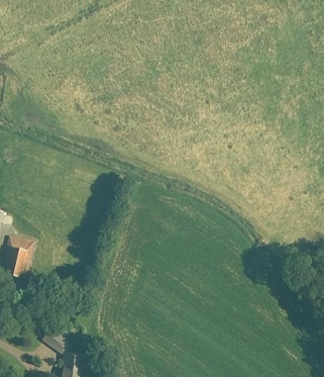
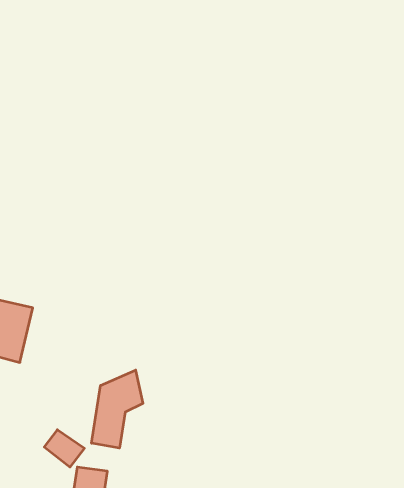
building: none -> [92,370,143,448]

